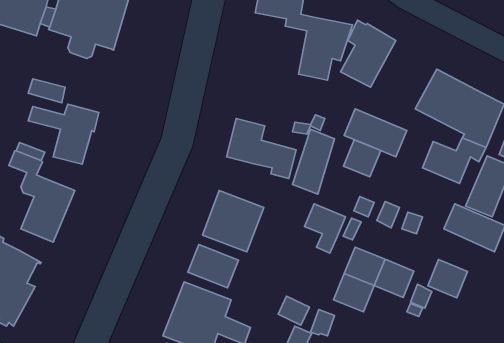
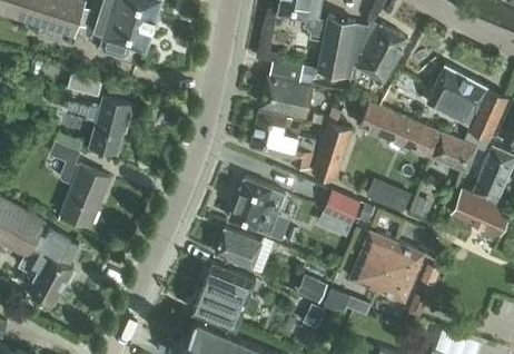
building: none -> [259,61,313,118]
building: [343,140,381,177] -> [407,124,442,158]
building: [428,259,468,298] -> [377,267,414,303]

